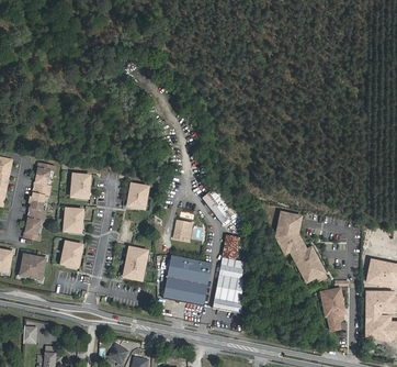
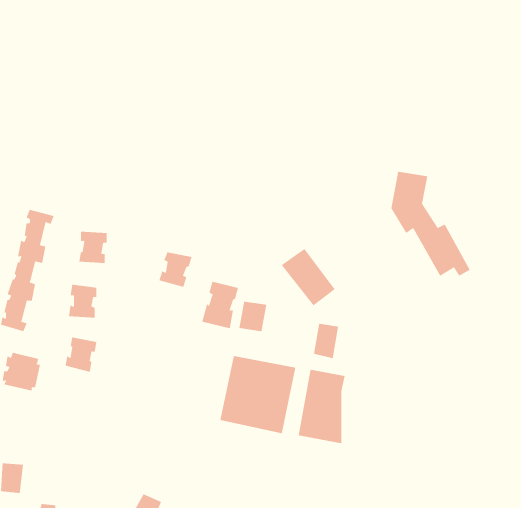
building: [272,214,324,282] -> [391,171,471,277]
building: [123,249,147,280] -> [202,281,239,329]
building: [317,288,342,331] -> none

